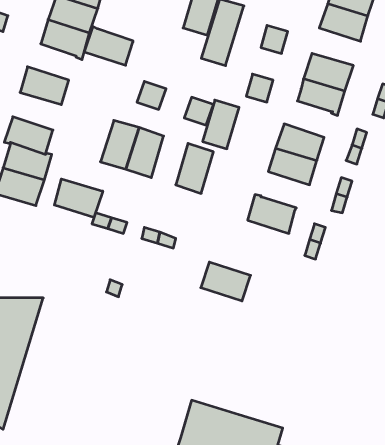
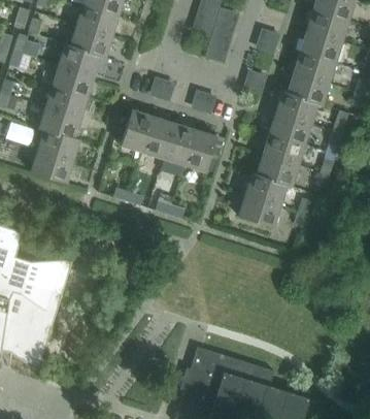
building: [84,26,133,65] -> [59,43,100,76]
building: none -> [300,32,341,64]
building: none -> [276,84,317,125]
building: none -> [46,87,88,119]
building: [203,100,239,149] -> [164,124,195,165]
building: none -> [257,154,298,188]
building: [54,179,103,218] -> none
building: [201,262,251,301] -> [238,195,280,228]

